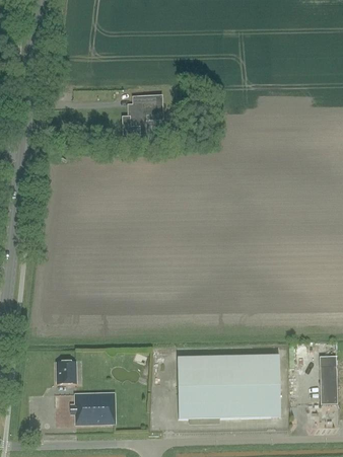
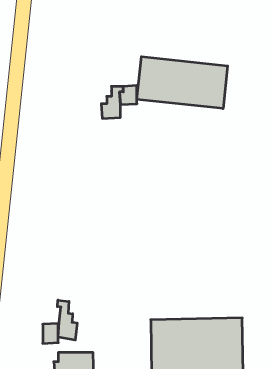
building: none -> [137,57,228,109]
building: none -> [57,300,77,340]

